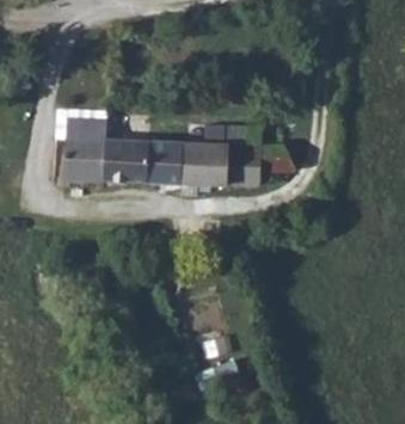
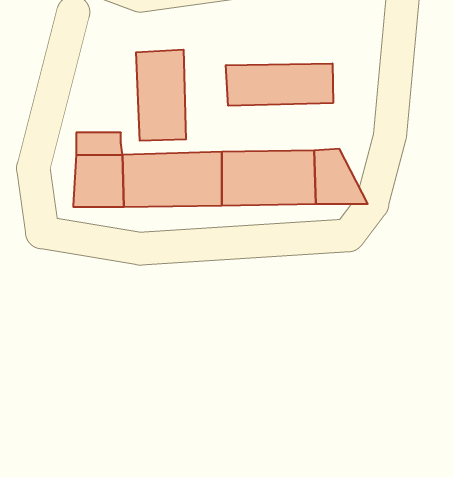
building: none -> [136,50,186,141]
building: none -> [226,63,333,106]

